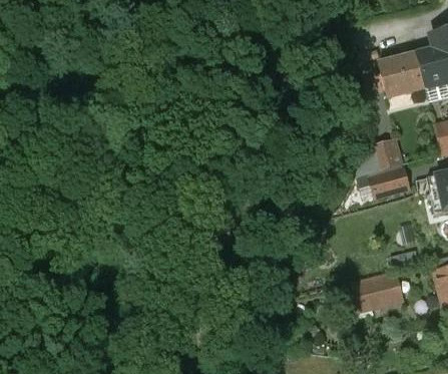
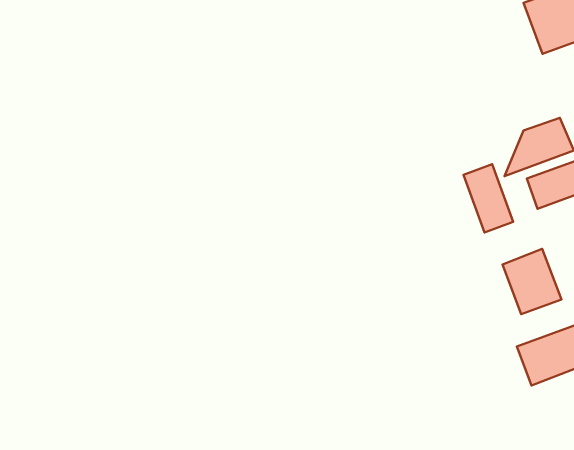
building: none -> [463,164,513,233]
building: none -> [503,249,561,314]

